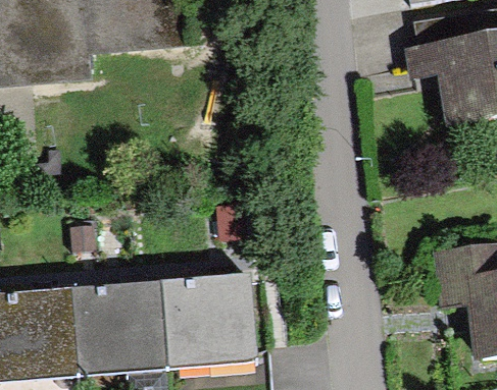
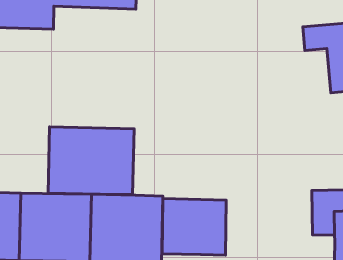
building: none -> [48,127,134,195]
building: none -> [162,199,226,255]

